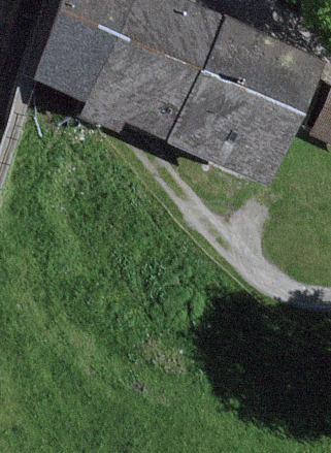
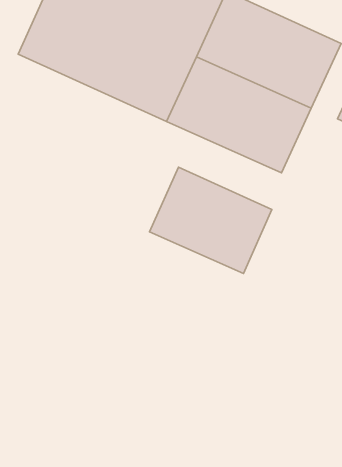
building: none -> [150,167,272,273]

